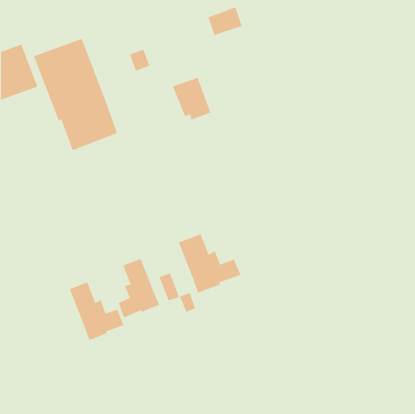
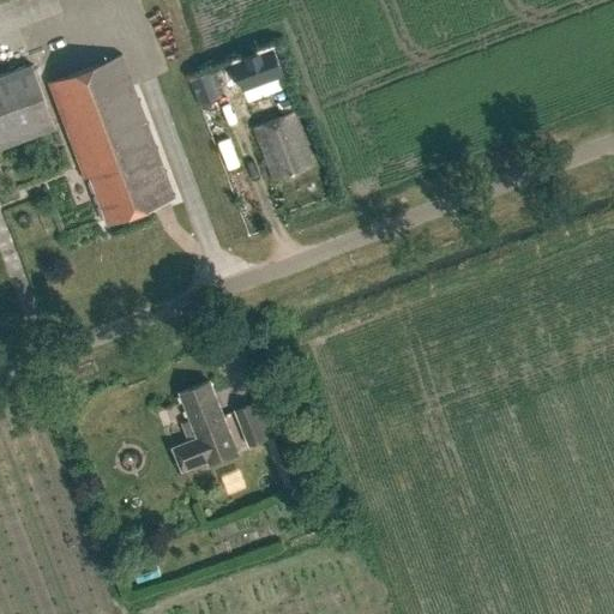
building: [208,7,242,36] -> [233,49,284,92]
building: [178,233,241,294] -> none
building: [69,282,124,341] -> none

